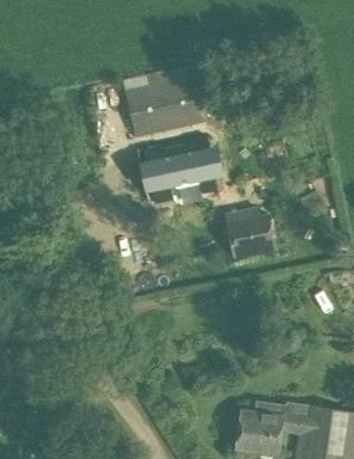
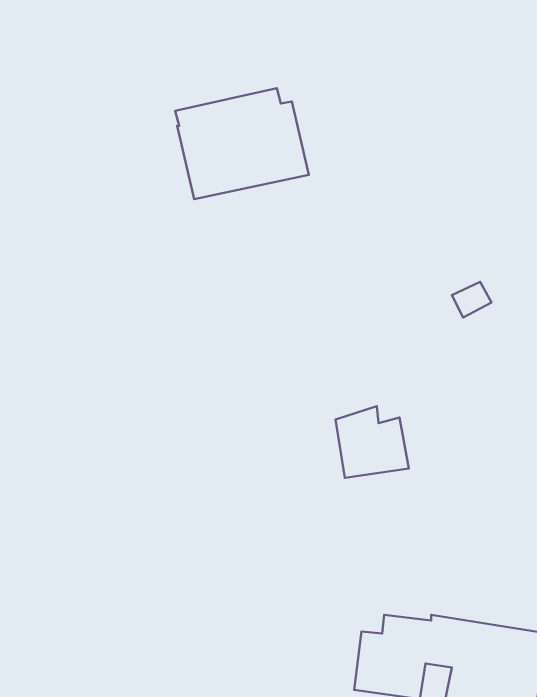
building: [139,136,215,202] -> none
building: [227,208,274,253] -> [335,406,409,478]

